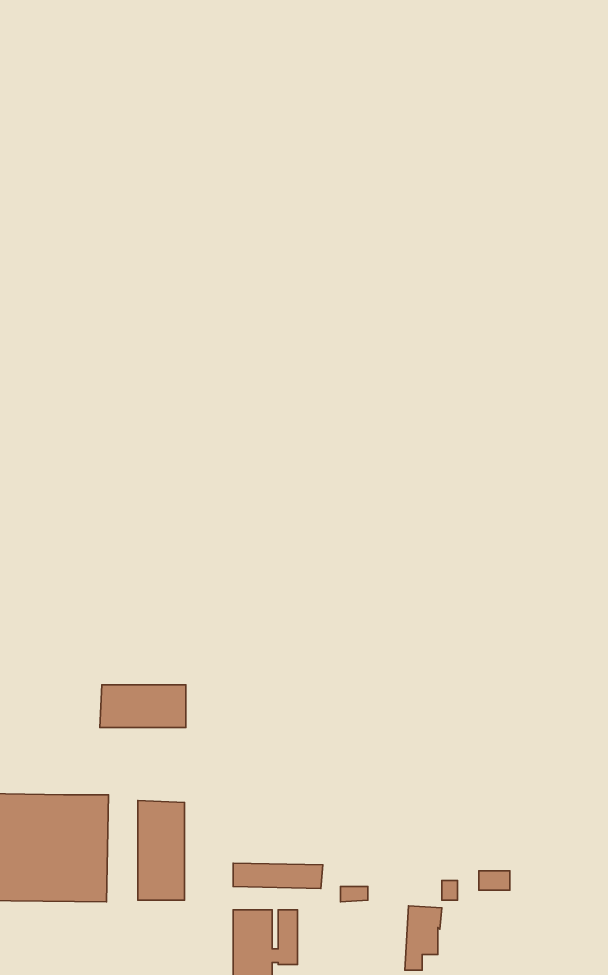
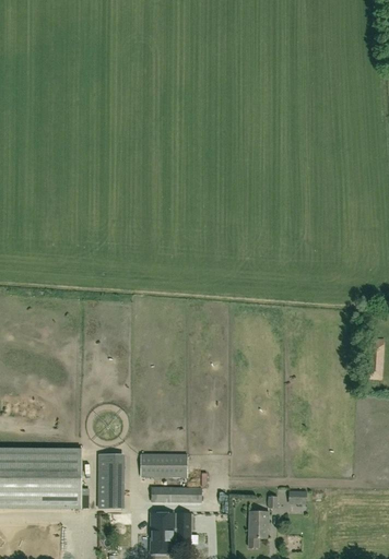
building: [100,685,186,728] -> [139,453,187,477]

